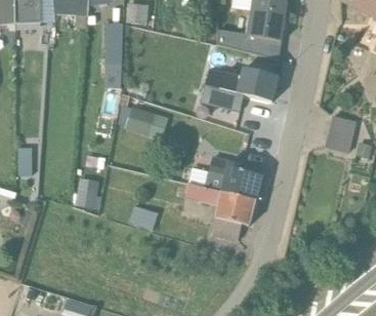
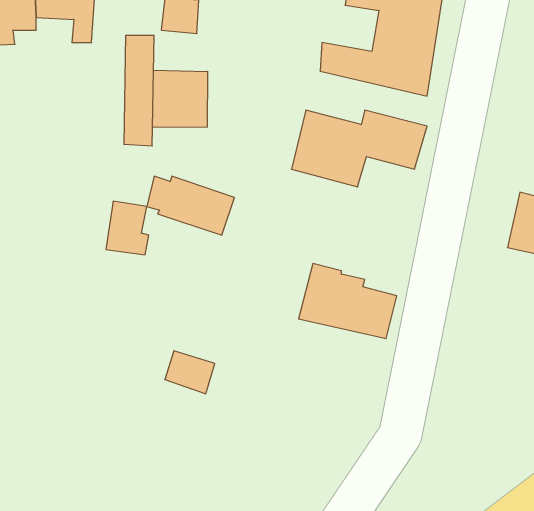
building: none -> [153,70,208,128]
building: [76,176,100,207] -> [106,201,149,255]
building: [184,183,255,238] -> none

